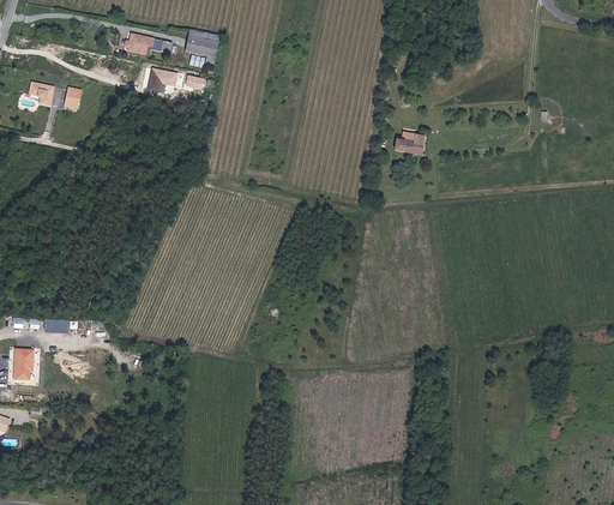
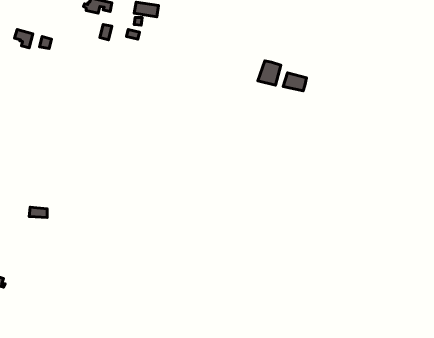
building: none -> [258,61,281,85]
building: [12,350,34,380] -> none

